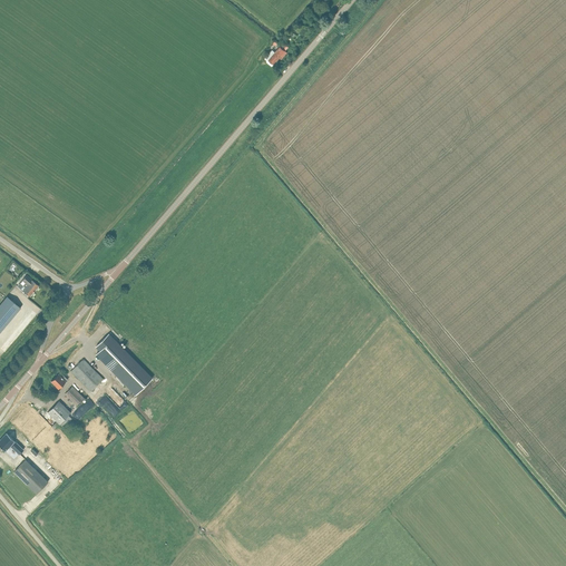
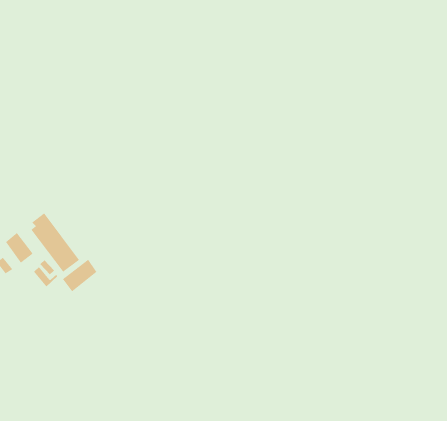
building: none -> [62,259,97,292]

